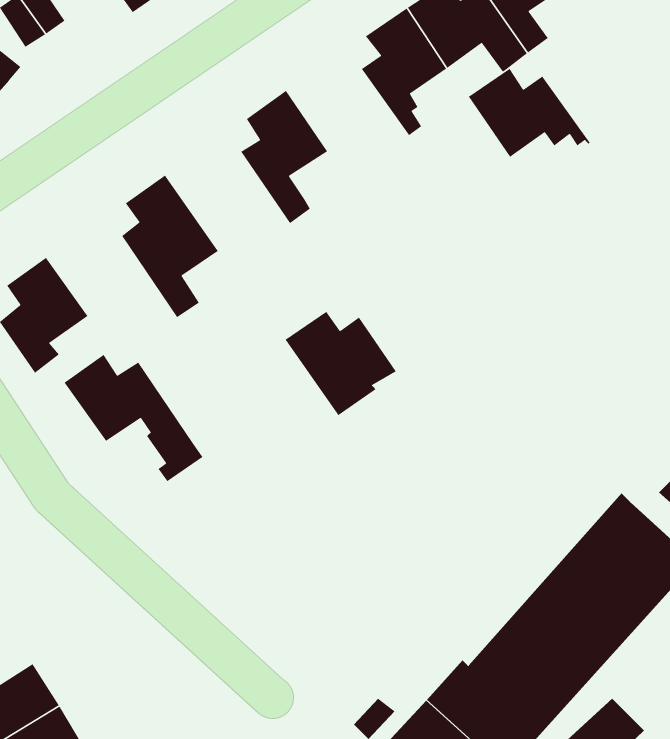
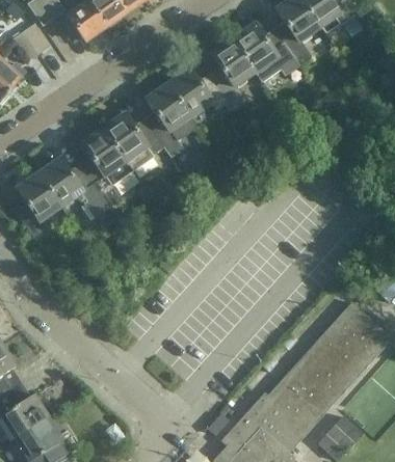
building: [468,68,590,158] -> [169,67,236,116]
building: [284,311,409,416] -> [104,113,172,170]
building: [64,354,204,482] -> [40,158,115,227]

